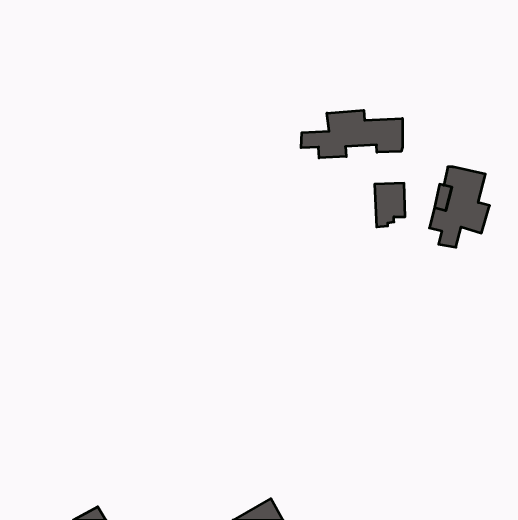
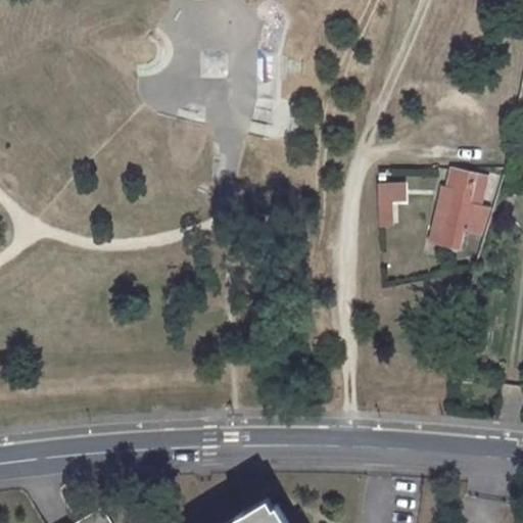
building: [301,110,403,158] -> none

